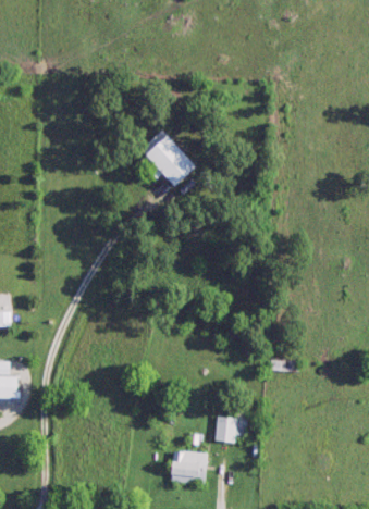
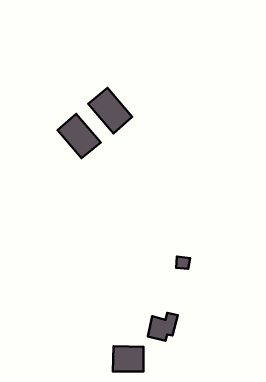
building: none -> [58,114,101,158]

